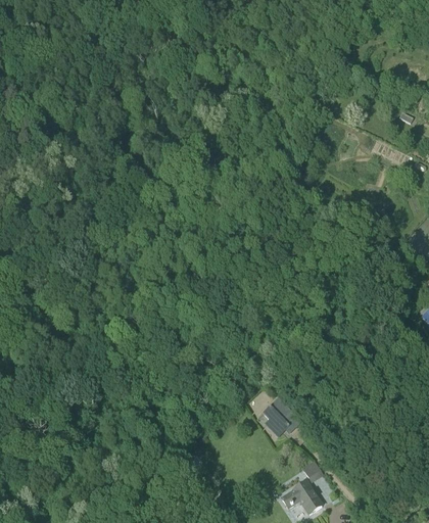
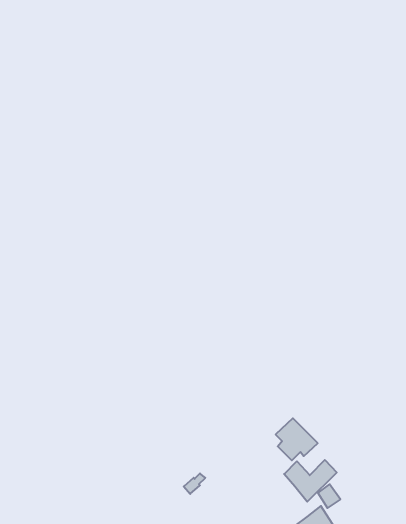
building: none -> [284,460,337,502]

